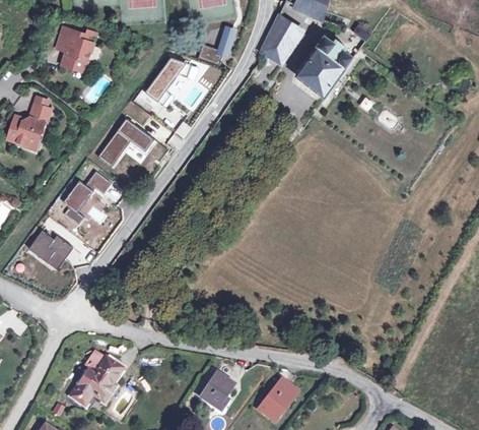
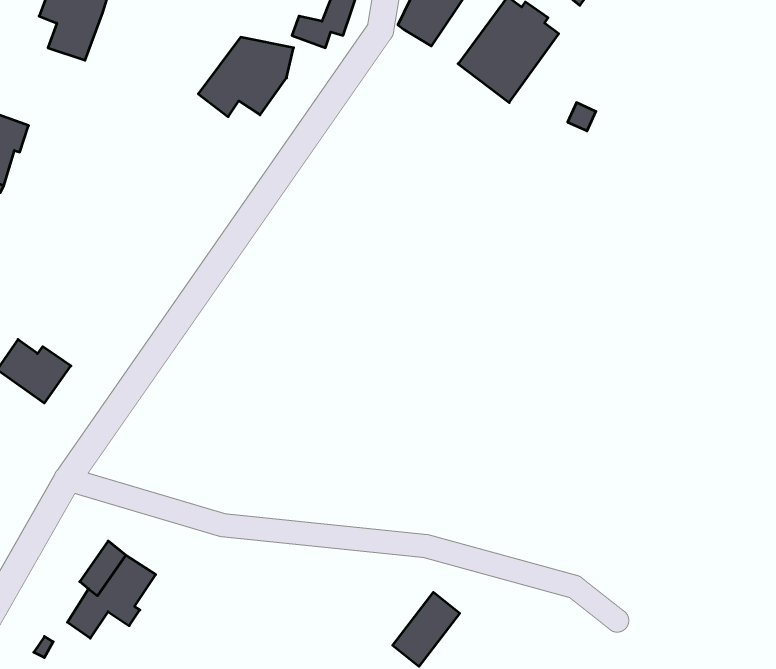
building: [97,118,154,166] -> none
building: [63,173,112,225] -> none
building: [201,373,232,410] -> none

